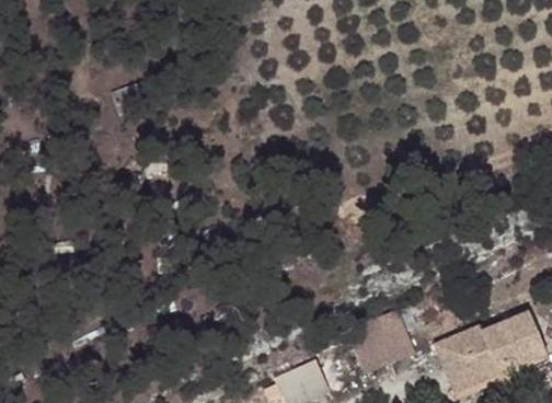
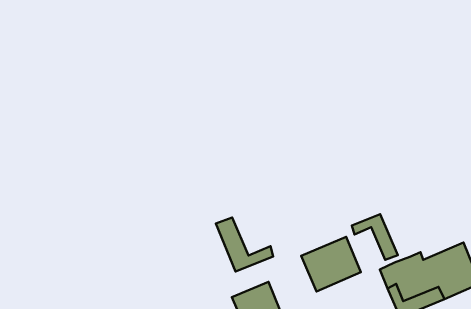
building: none -> [352,214,398,260]
building: none -> [216,217,273,271]

